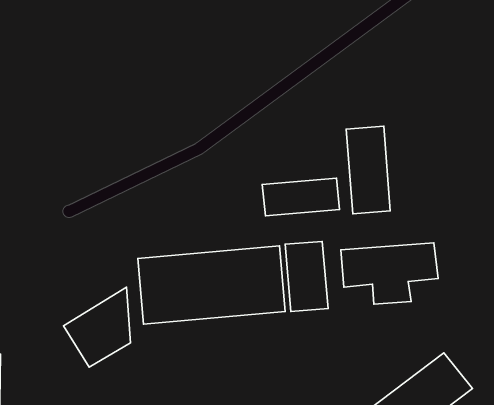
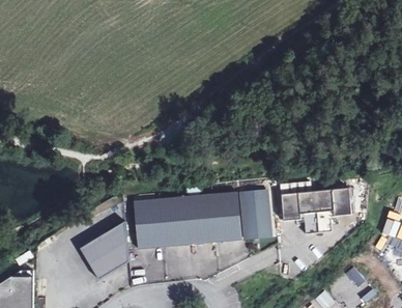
building: [346,126,390,214] -> none
building: [262,178,340,216] -> none

